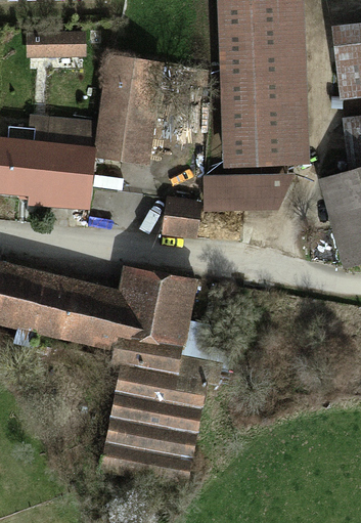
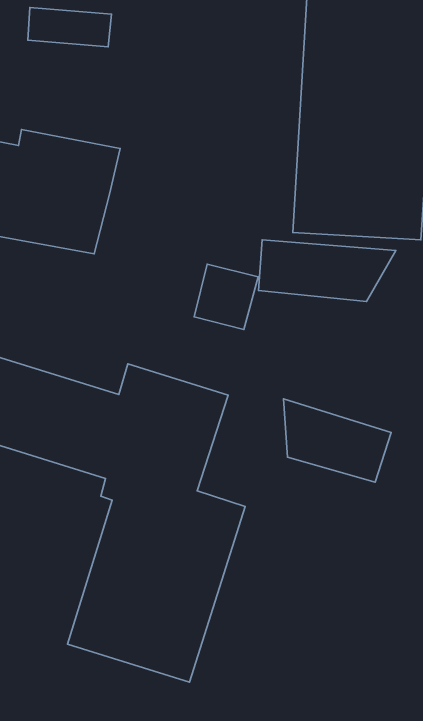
building: [96,56,163,163] -> none
building: none -> [284,399,391,482]

